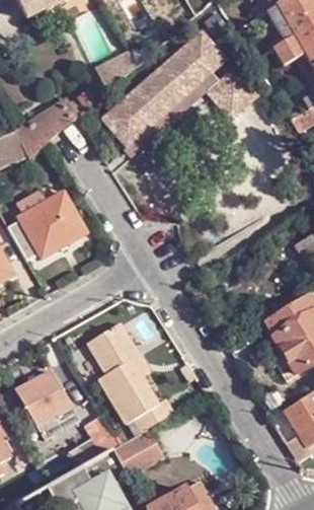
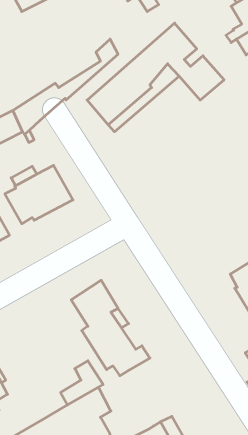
building: [15,368,81,438] -> none
building: [114,428,164,476] -> none

